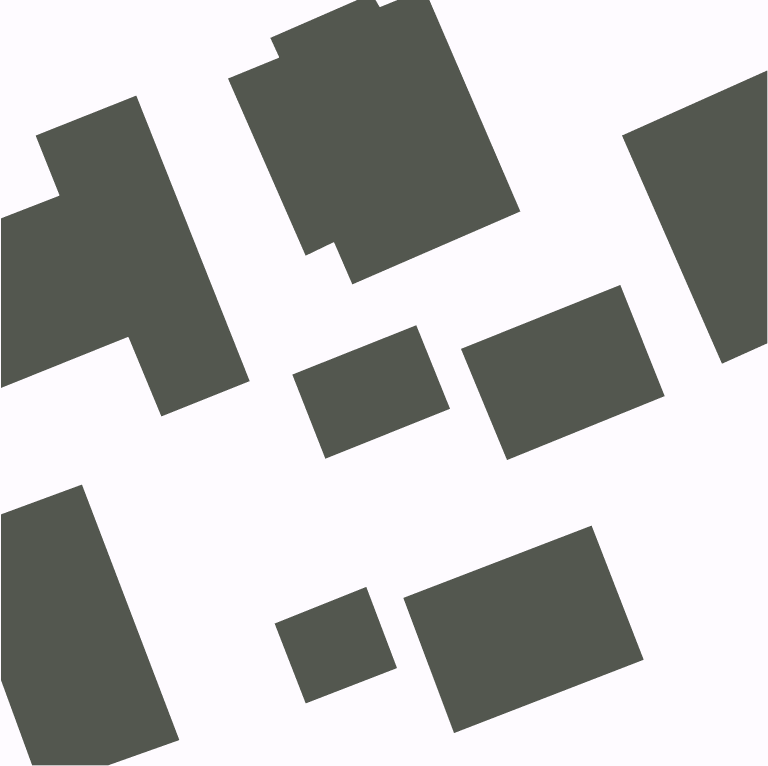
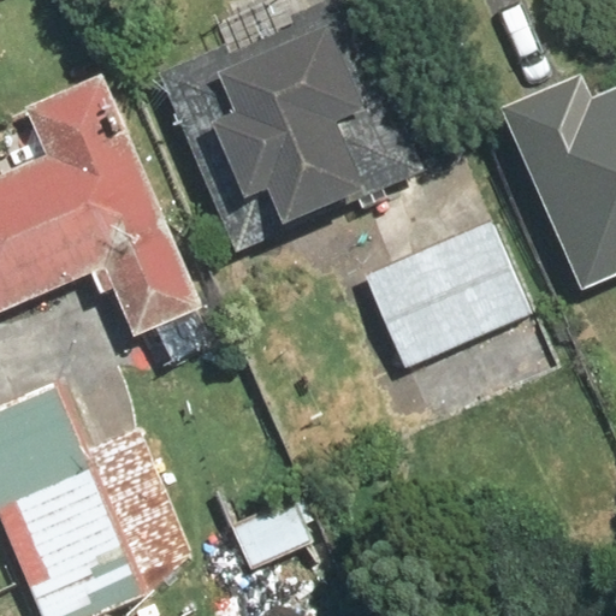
building: [291,324,451,460] -> none
building: [402,525,645,734] -> none

